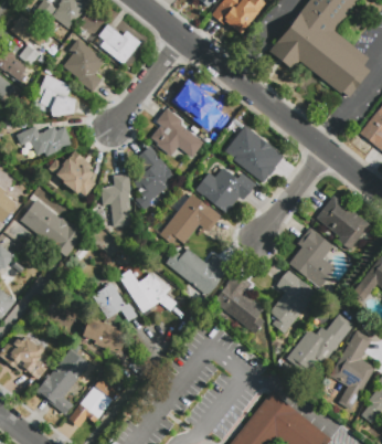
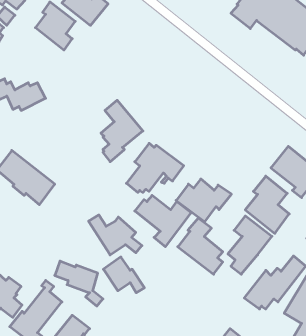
building: [34,74,75,117] -> none
building: [171,77,221,127] -> none
building: [151,107,204,158] -> none
building: [224,125,282,178] -> none
building: [49,152,96,199] -> none
building: [197,167,256,213] -> [176,179,231,222]
building: [102,175,132,225] -> none
building: [93,283,137,321] -> [103,257,144,293]

